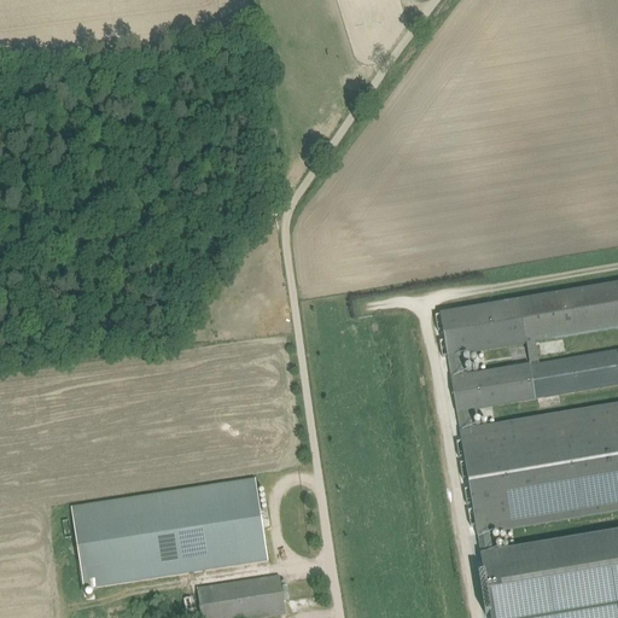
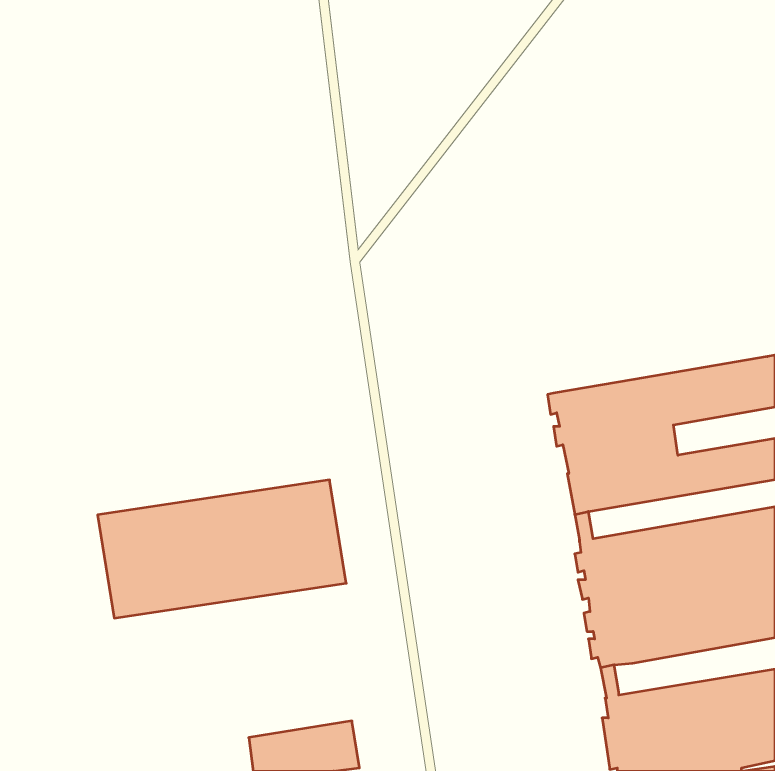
building: [71,477,269,587] -> [98,480,346,618]

